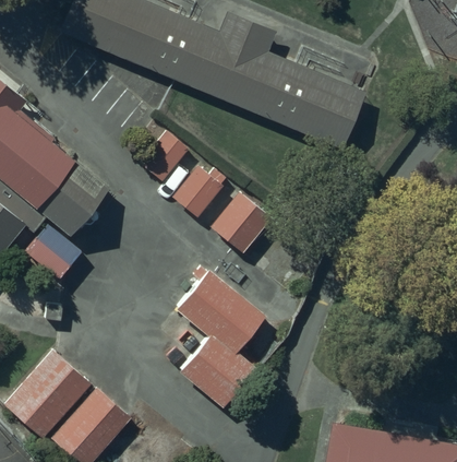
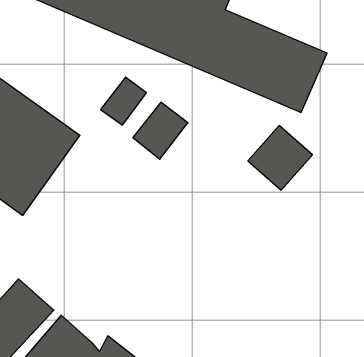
building: [213,182,280,250] -> [248,126,312,190]
building: [178,264,269,403] -> none

